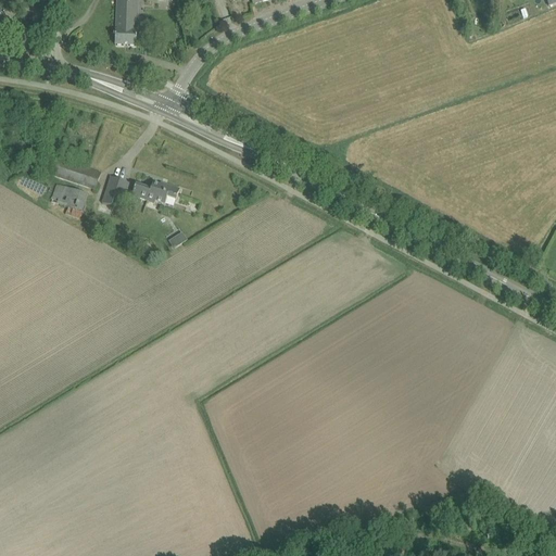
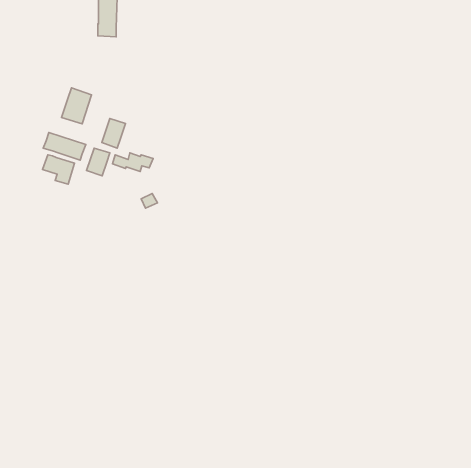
building: none -> [62,88,91,124]
building: none -> [102,119,126,148]

